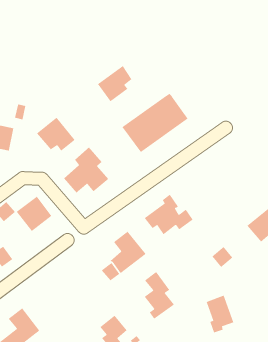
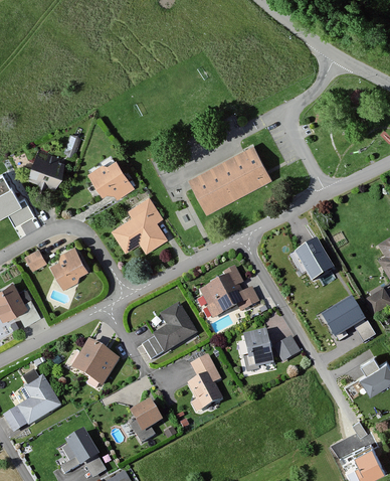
building: [97,65,132,102] -> none
building: none -> [294,240,332,282]
building: none -> [75,340,122,385]
building: [206,295,234,333] -> [242,329,272,372]

